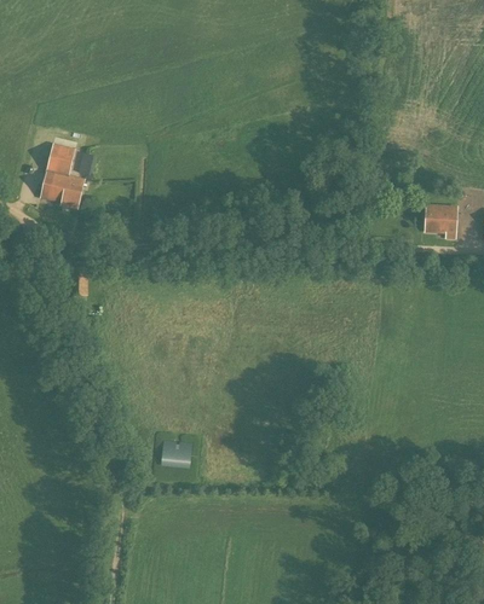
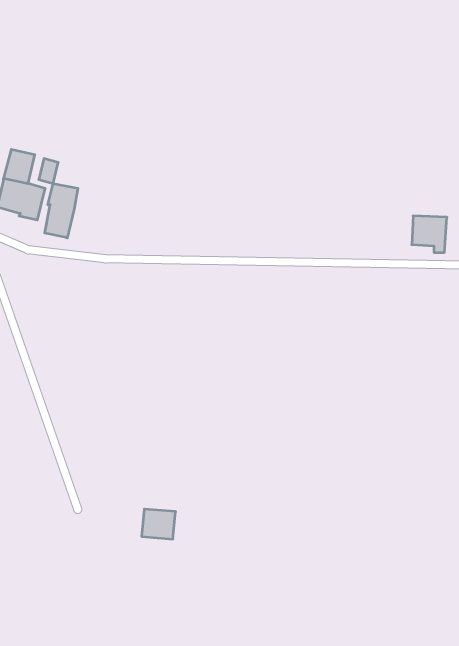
building: none -> [45,183,78,238]
building: [161,439,192,466] -> [142,509,176,539]

